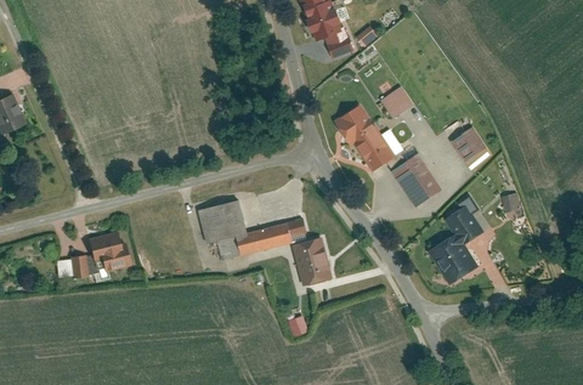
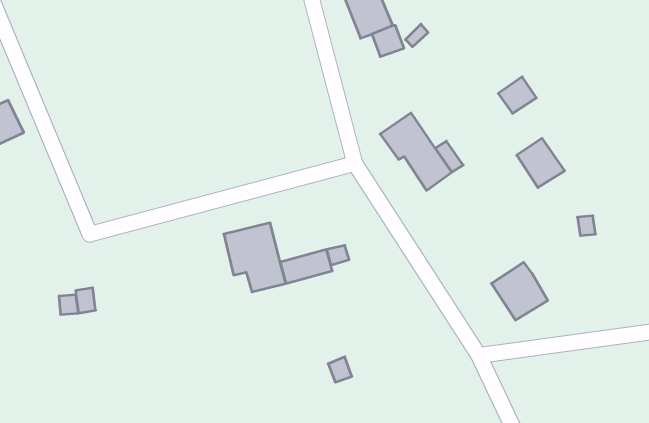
building: [380,86,413,118] -> [498,77,536,113]
building: [391,154,441,205] -> none
building: [447,206,482,244] -> none
building: [89,233,130,272] -> none
building: [293,238,333,287] -> none

